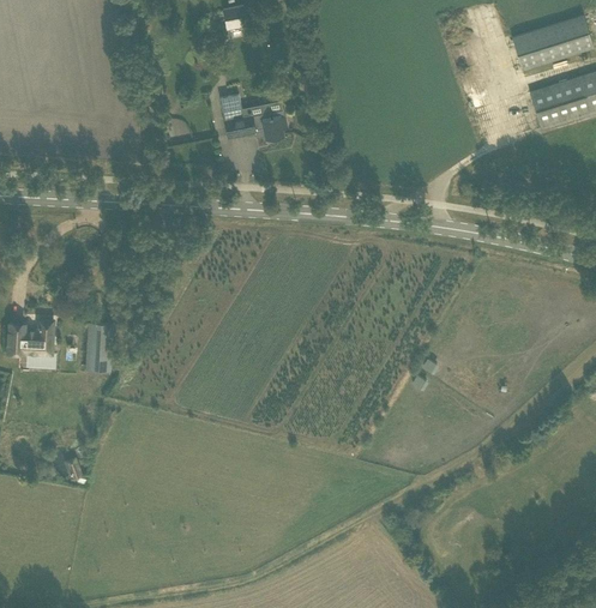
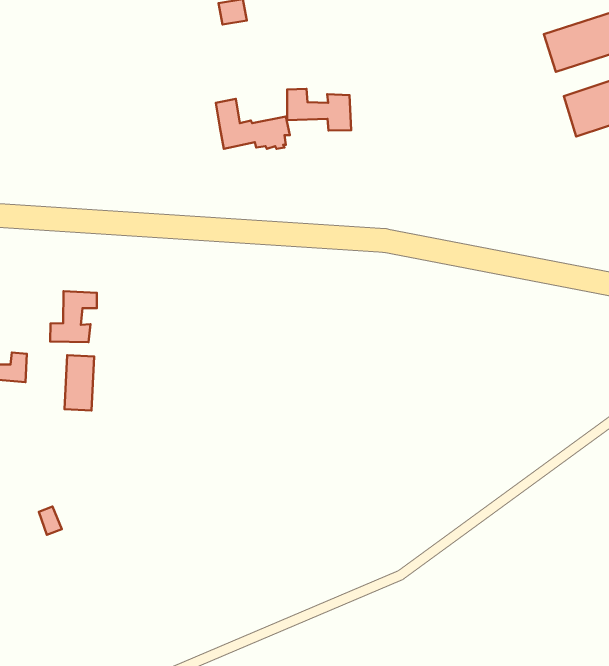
building: none -> [287,89,351,131]
building: none -> [50,291,97,342]

